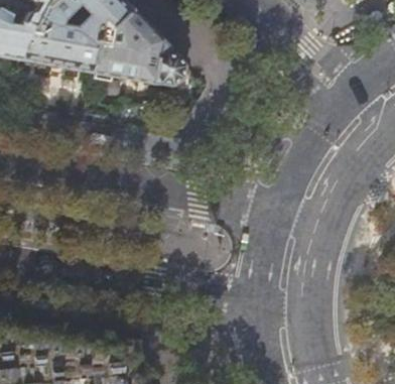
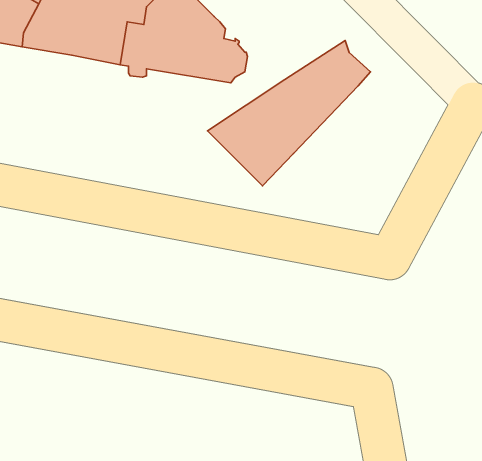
building: none -> [208,41,370,186]

